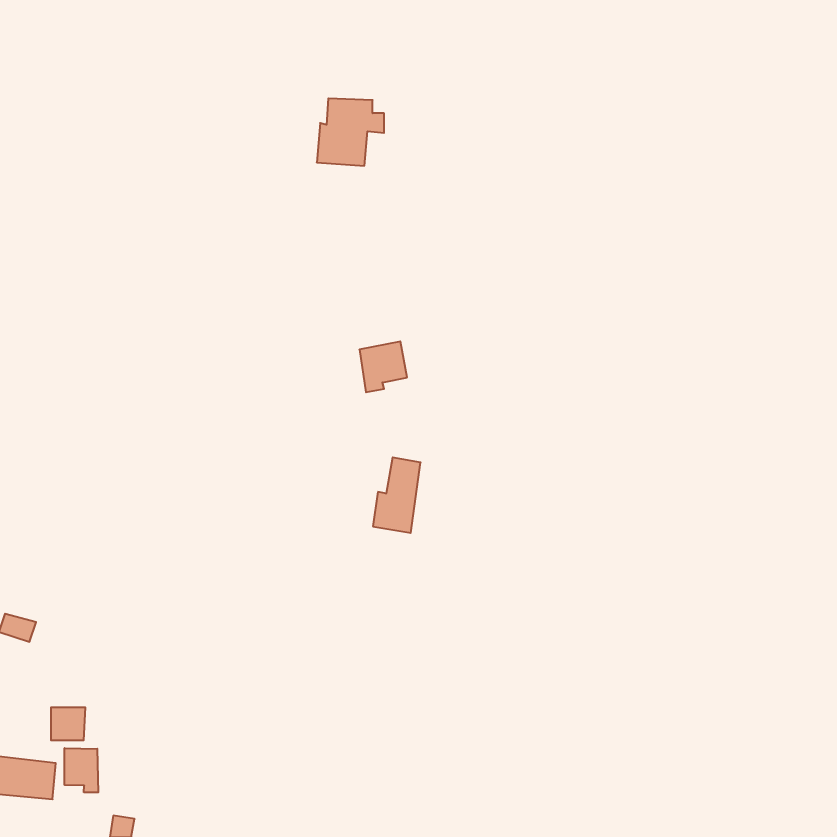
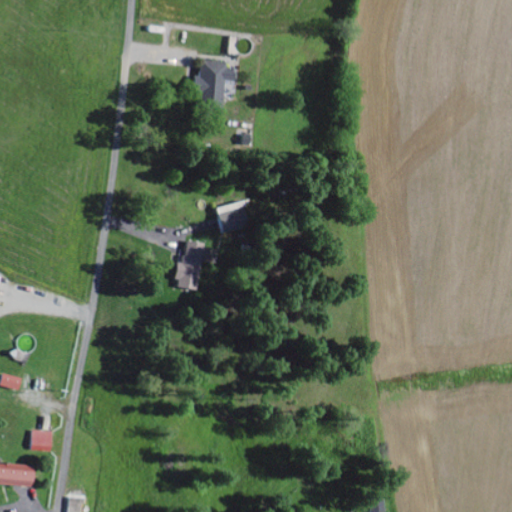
building: [373,457,421,533] -> [175,240,204,286]
building: [65,748,98,792] -> none

